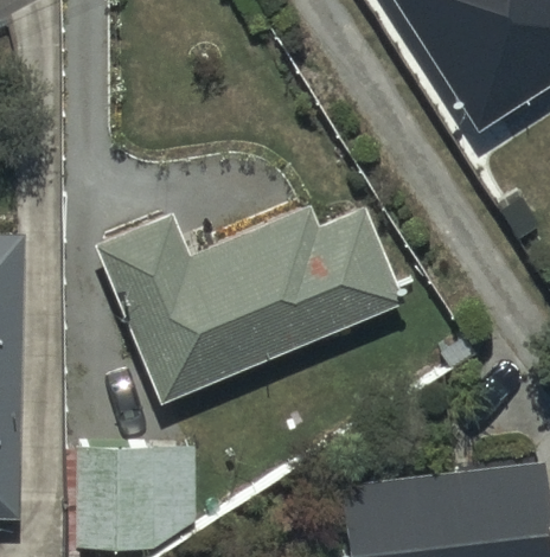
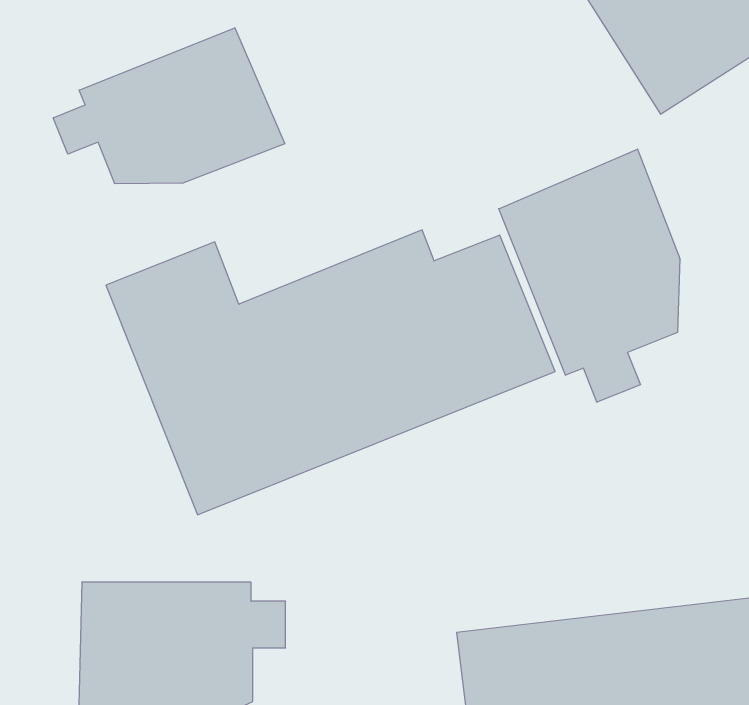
building: none -> [53,28,285,184]
building: none -> [499,149,680,402]

